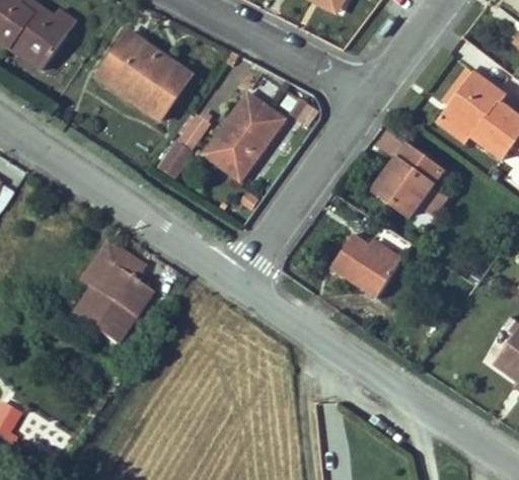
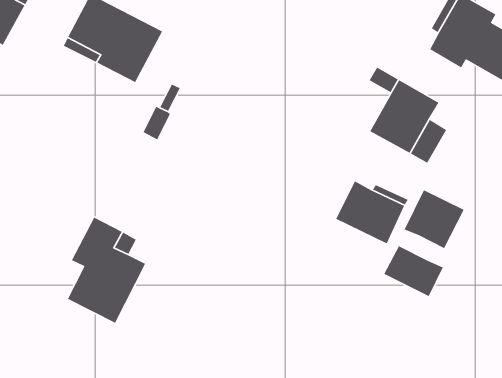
building: [203,92,285,180] -> none
building: none -> [404,189,465,249]
building: none -> [383,245,444,297]

